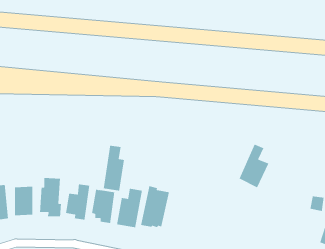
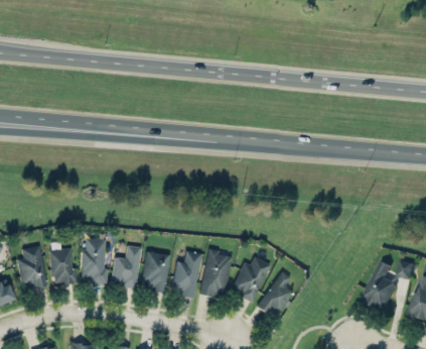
building: [238,143,270,188] -> [362,258,398,311]
building: [103,145,125,192] -> none
building: none -> [234,257,271,303]
building: none -> [258,271,293,318]

